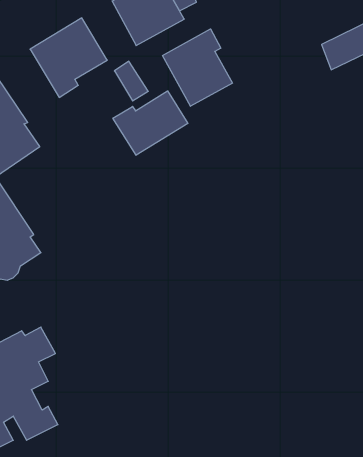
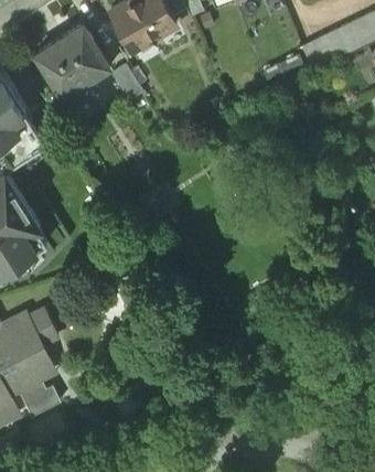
building: [163,29,232,106] -> none
building: [113,91,188,155] -> none

